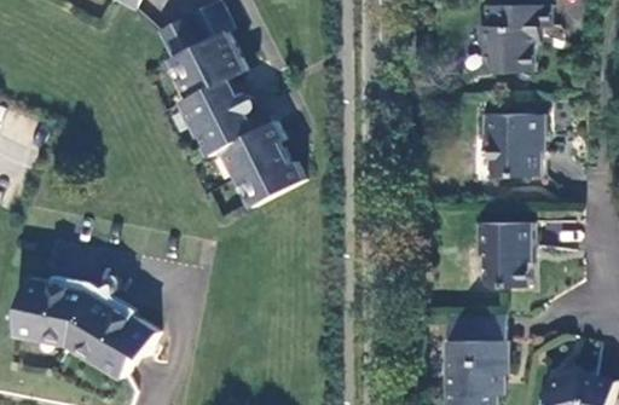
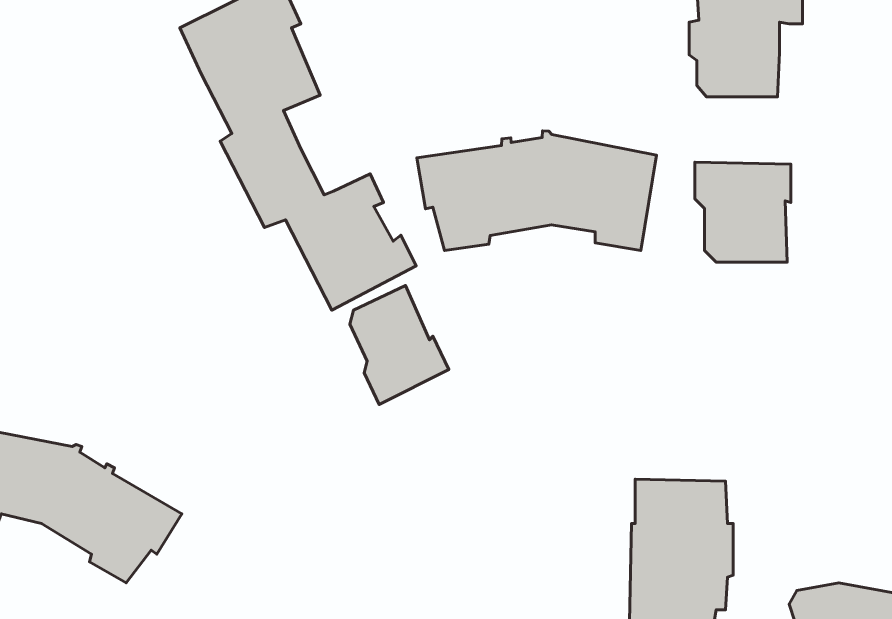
building: none -> [417,131,656,251]
building: none -> [350,286,449,405]
building: [476,222,531,287] -> none

